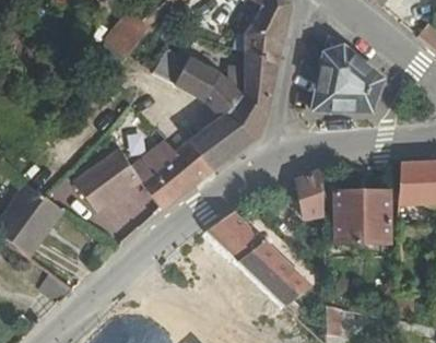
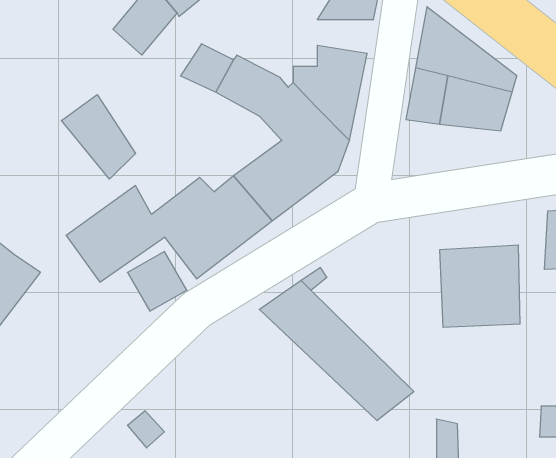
building: [234,32,284,57] -> none
building: none -> [61,95,136,179]
building: [296,167,326,217] -> none

